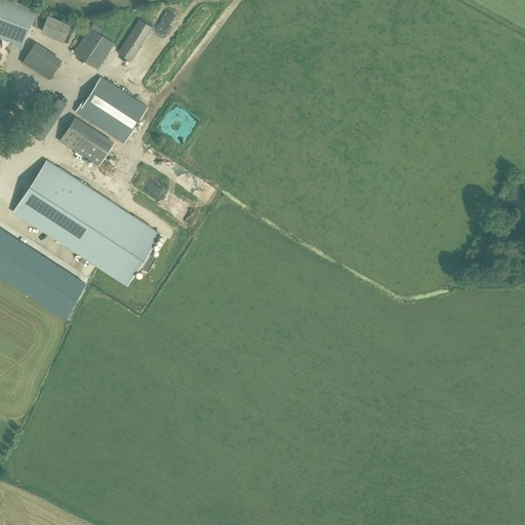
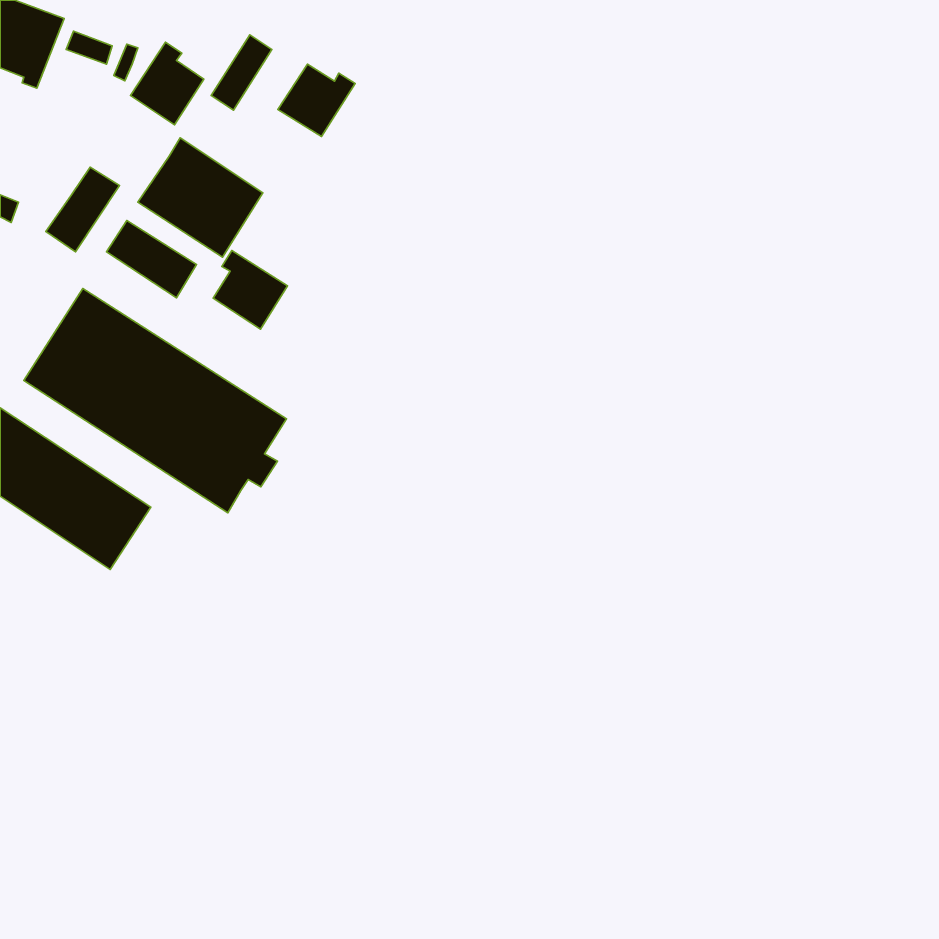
building: none -> [278,64,355,137]
building: [17,43,57,79] -> none
building: none -> [213,250,288,329]

